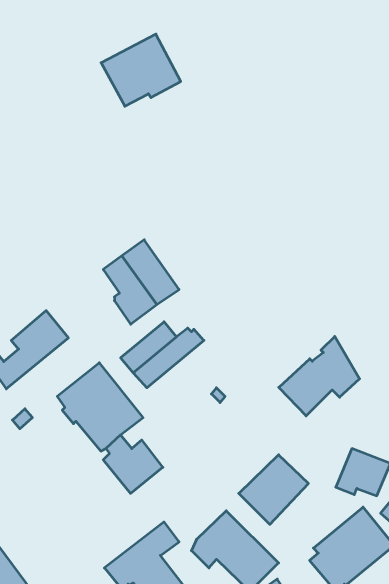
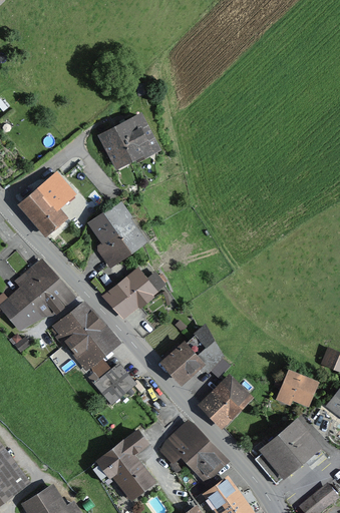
building: [101,34,181,106] -> [97,112,161,170]
building: none -> [17,172,74,237]
building: [279,336,360,416] -> [159,323,225,387]
building: none -> [10,280,78,332]

